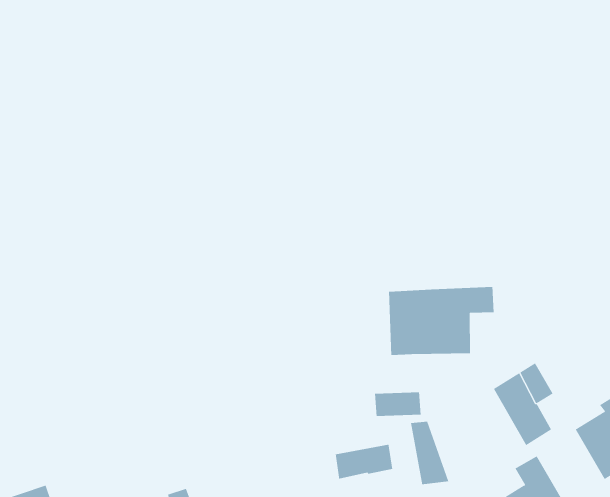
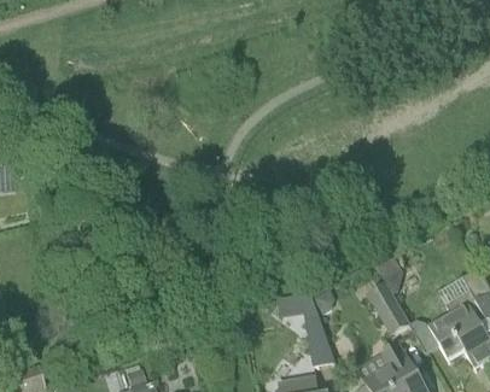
building: [389,286,494,356] -> none
building: [335,444,393,480] -> none

